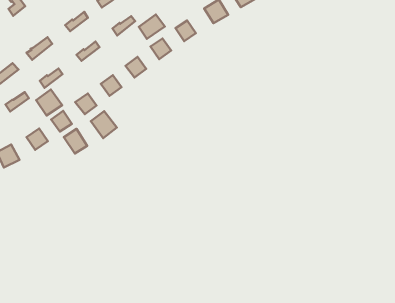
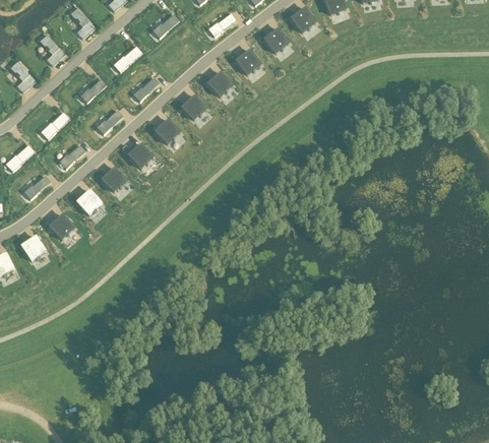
building: [139,14,165,39] -> none
building: [36,89,62,116] -> none
building: [91,111,117,138] -> none
building: [64,129,87,153] -> none

